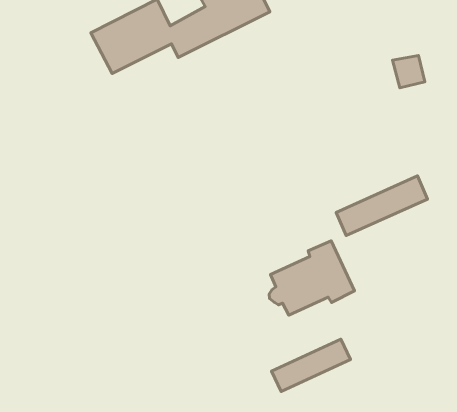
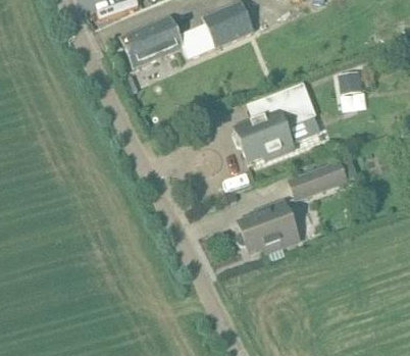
building: none -> [234,83,317,161]
building: [271,339,351,392] -> none

